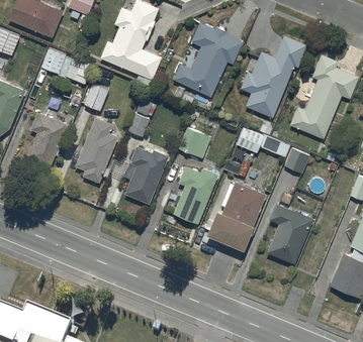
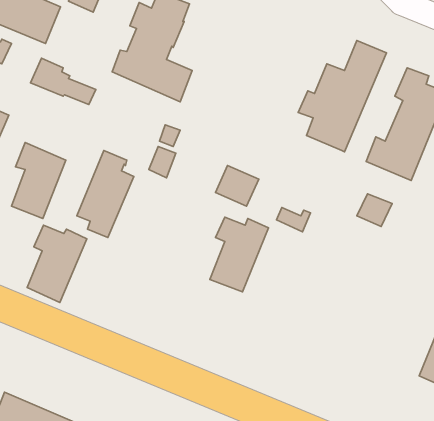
building: [174,22,243,97] -> none
building: [85,84,110,111] -> none
building: [238,128,290,156] -> none
building: [125,146,170,204] -> [27,225,87,303]
building: [207,182,266,247] -> none
building: [267,203,314,263] -> none

